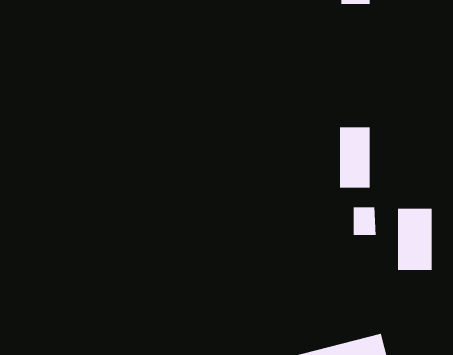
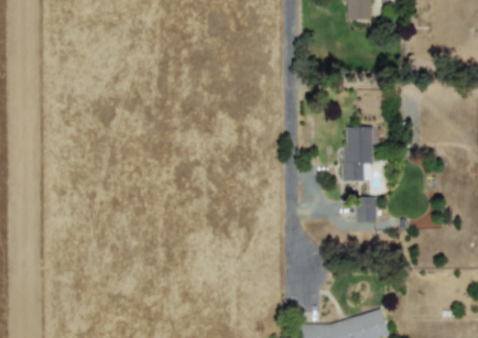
building: [397,208,432,271] -> none

